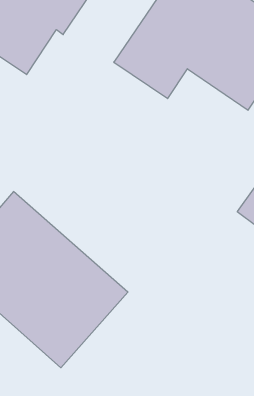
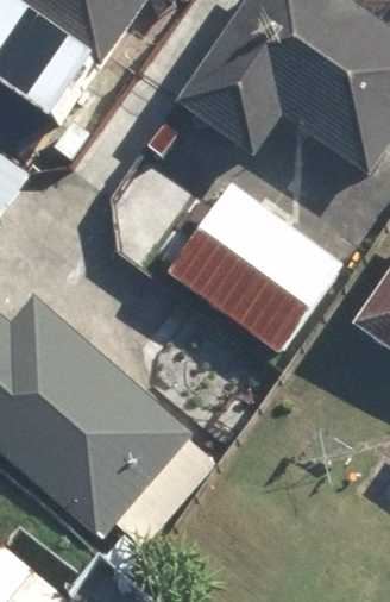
building: none -> [168,180,346,351]

